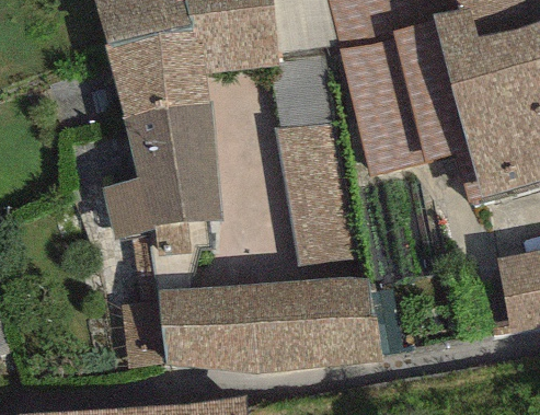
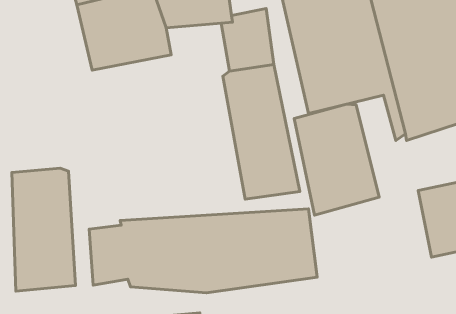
building: [103,105,226,238] -> none
building: none -> [294,104,379,215]
building: none -> [12,168,76,291]

